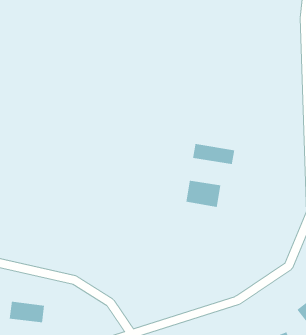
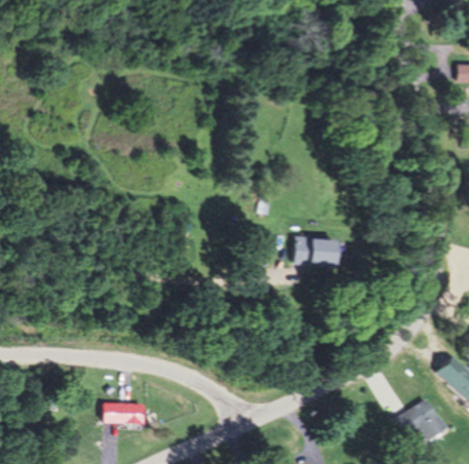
building: [193,143,235,165] -> none

